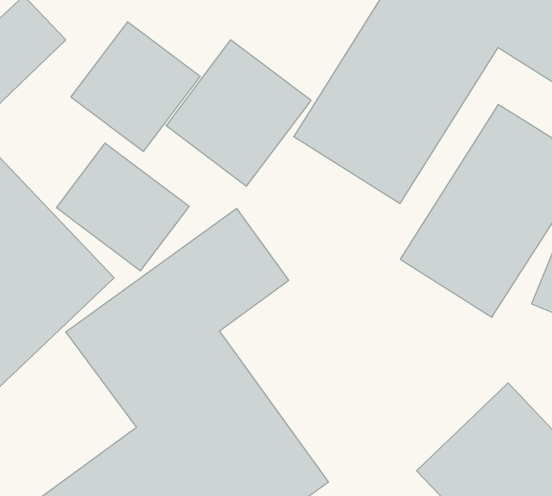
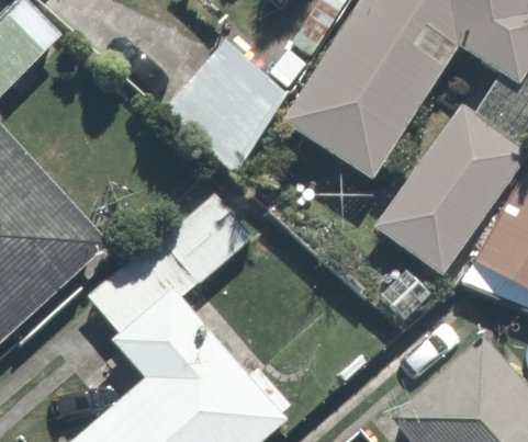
building: [71,22,200,152] -> none
building: [56,143,189,271] -> none

